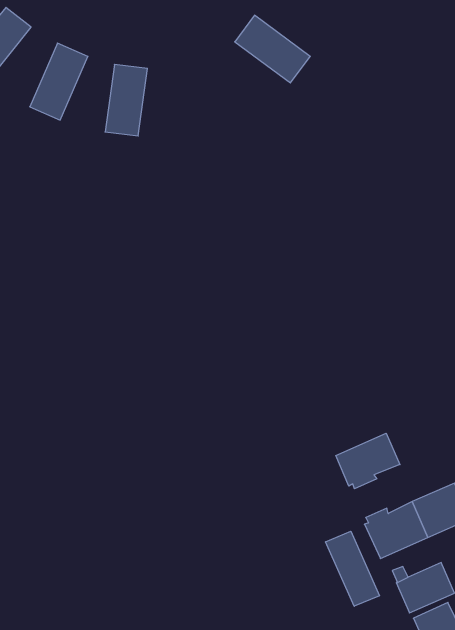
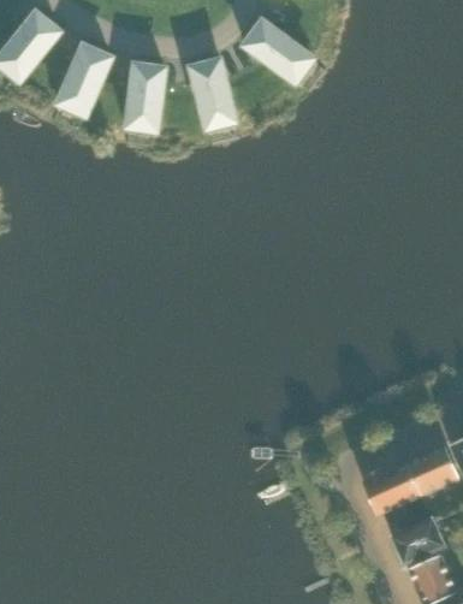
building: none -> [191,58,236,125]
building: [336,433,400,489] -> none
building: [326,531,379,606] -> none

